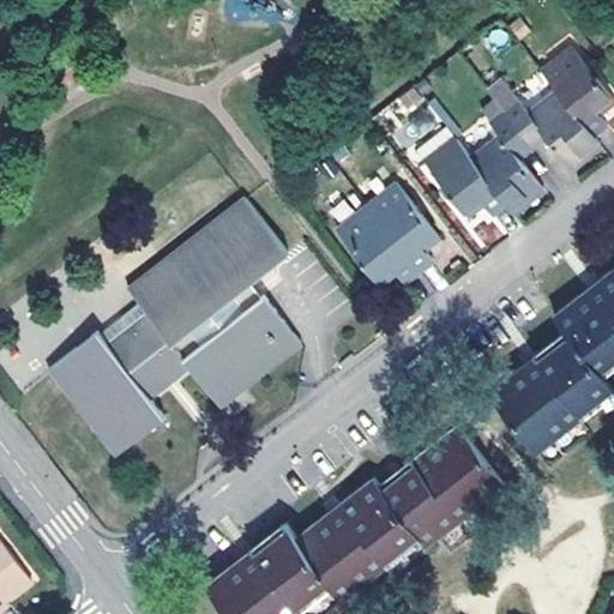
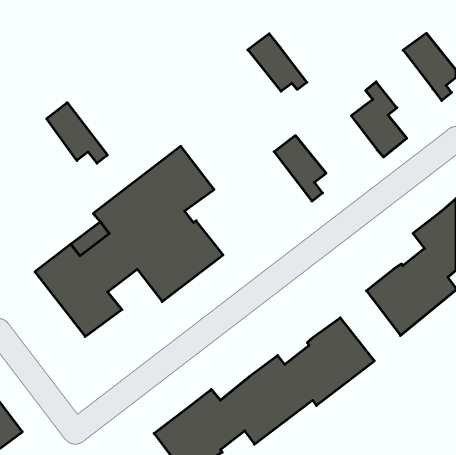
building: [504,94,598,171] -> none
building: [426,140,505,217] -> [248,34,307,91]
building: none -> [47,103,107,163]
building: [337,207,417,287] -> none

